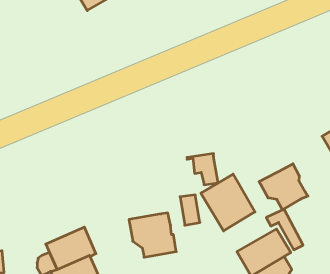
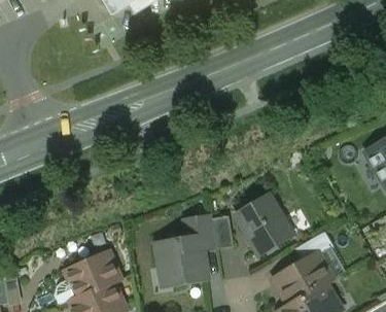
building: [187,154,218,185] -> [182,215,216,249]
building: [259,164,308,210] -> none

